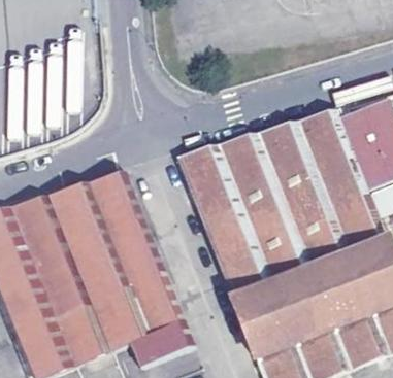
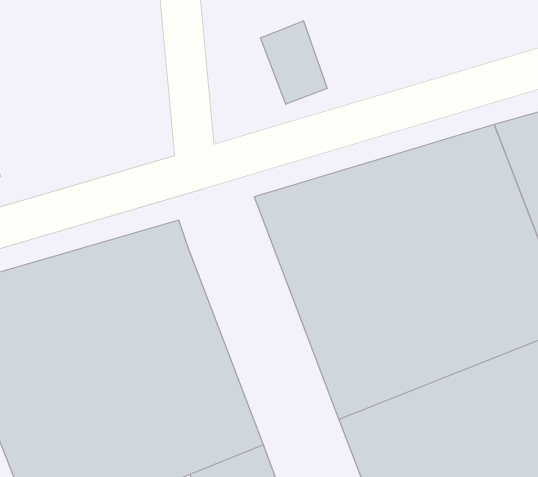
building: none -> [261,21,327,104]

